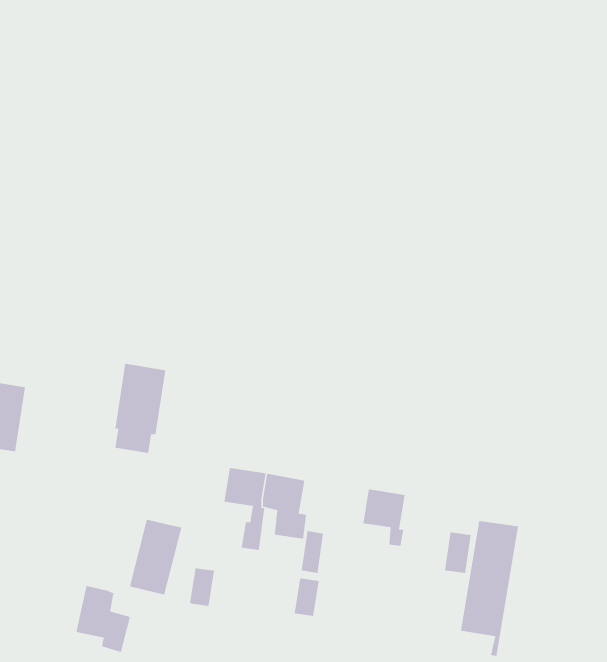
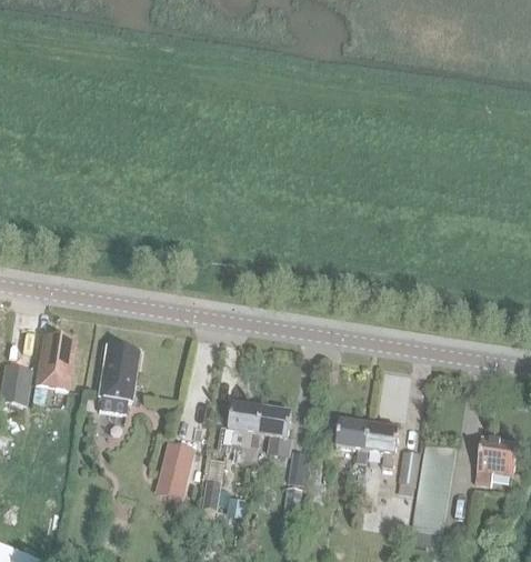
building: [115,363,166,453] -> [98,343,138,413]
building: none -> [364,422,398,466]
building: none -> [474,436,518,483]
building: [76,585,131,653] -> none

